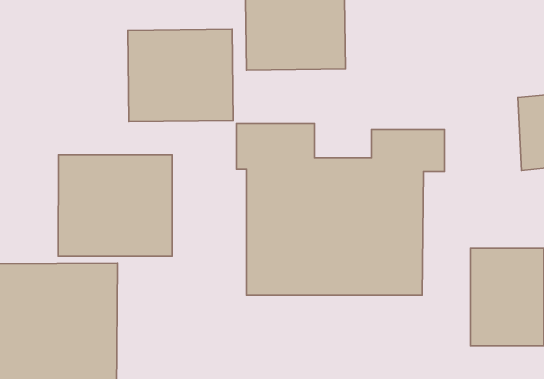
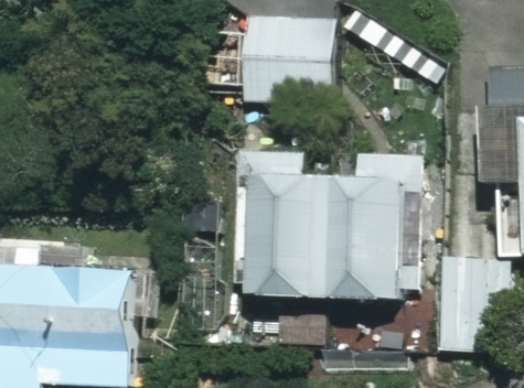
building: [128,29,233,122] -> none
building: [58,155,172,256] -> none

